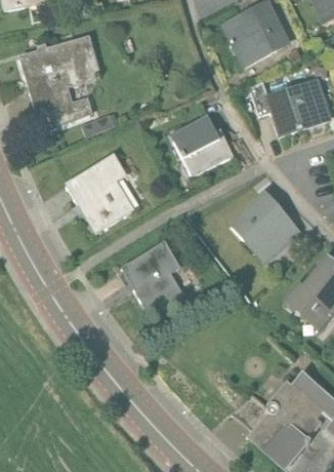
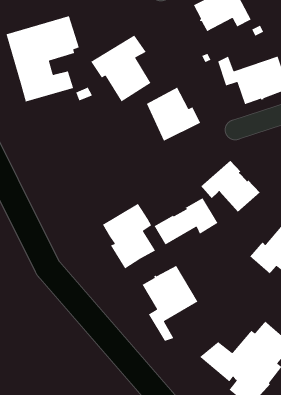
building: [66,155,132,232] -> [90,34,151,105]
building: none -> [153,197,218,245]
building: none -> [142,265,199,342]

